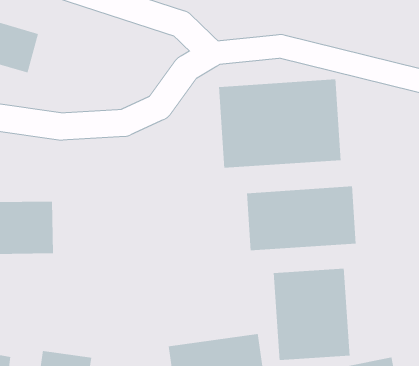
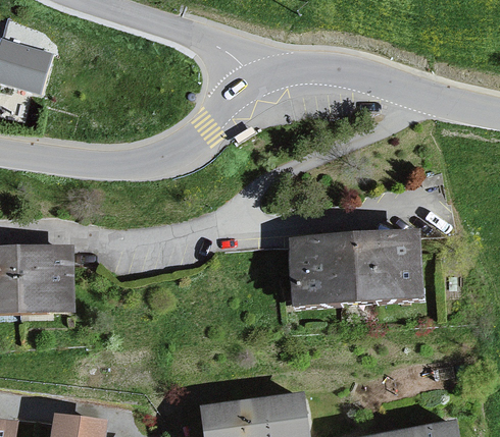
building: [219,79,341,169] -> none
building: [273,268,350,361] -> none

